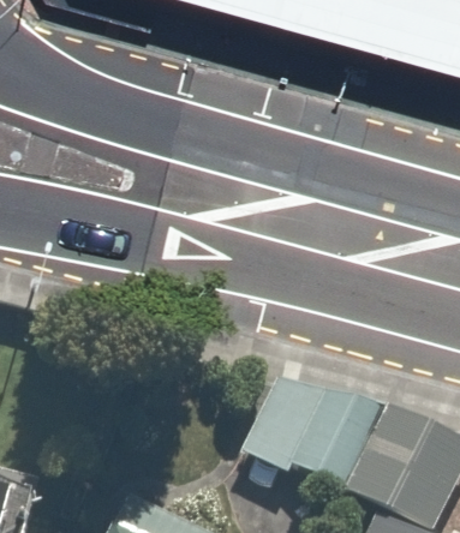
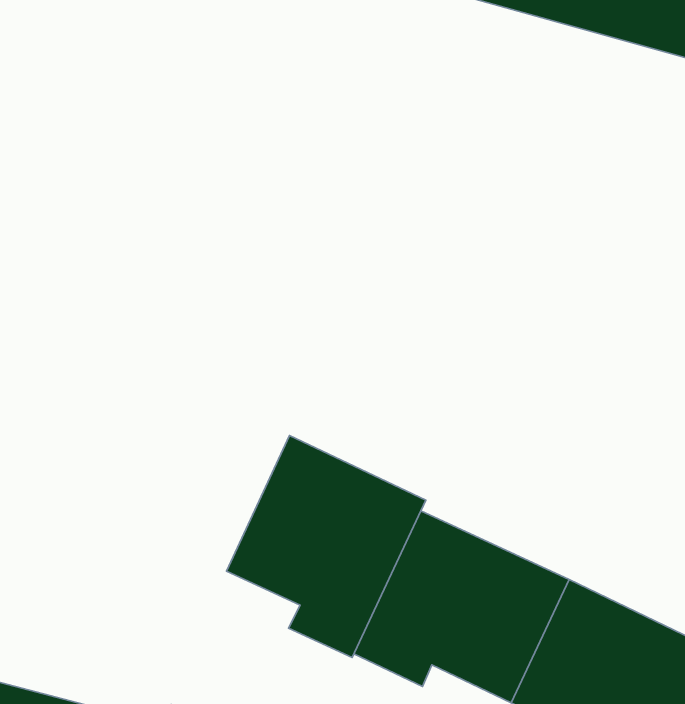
building: none -> [226,436,426,658]

